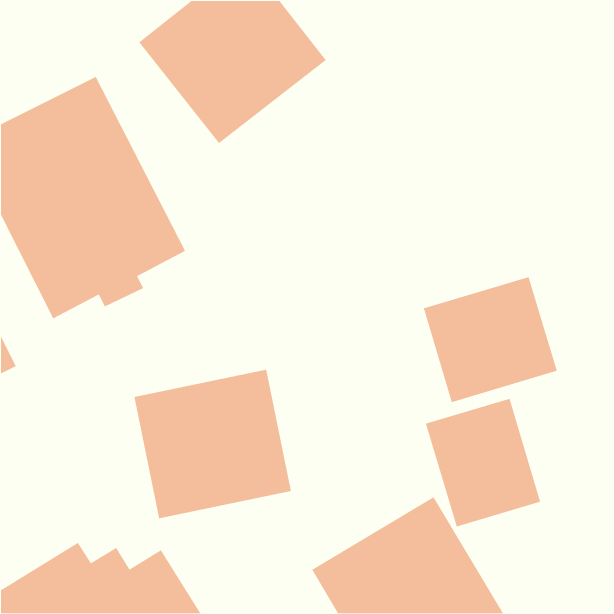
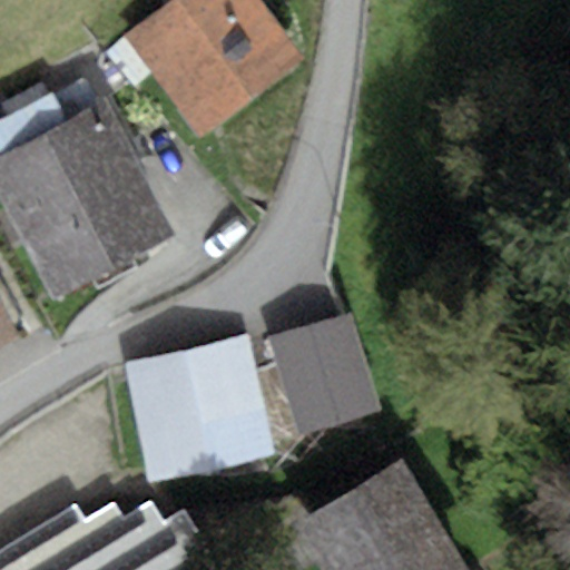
building: [423,276,558,403] -> none
building: [425,398,541,528] -> [272,316,380,436]

